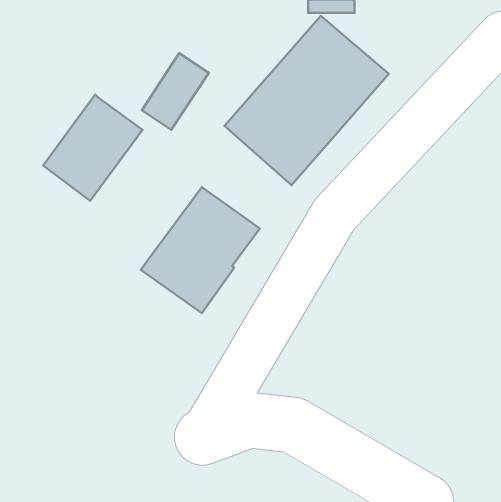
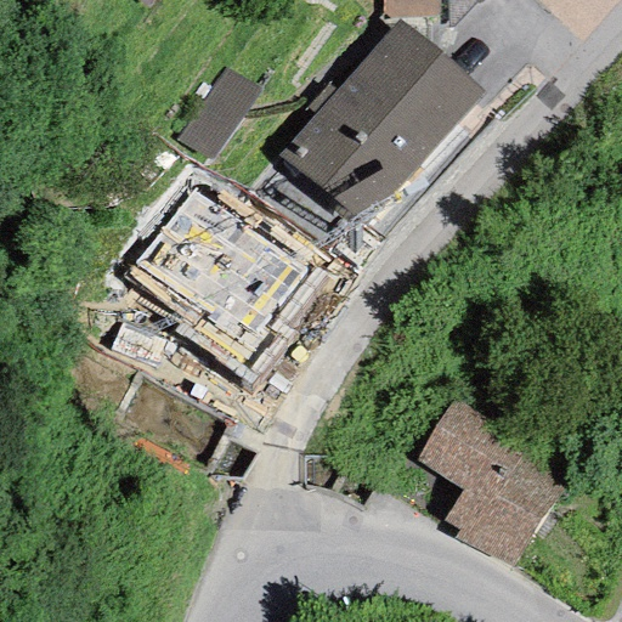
building: [43,95,142,201] -> [129,187,251,318]
building: none -> [418,388,577,561]

